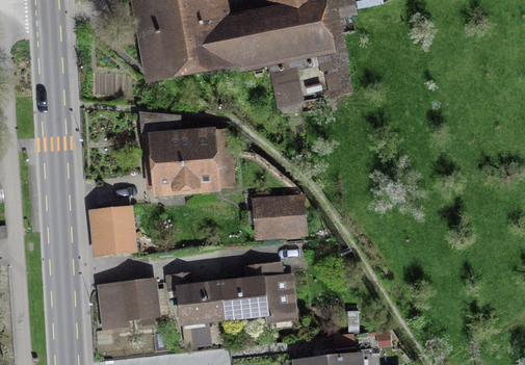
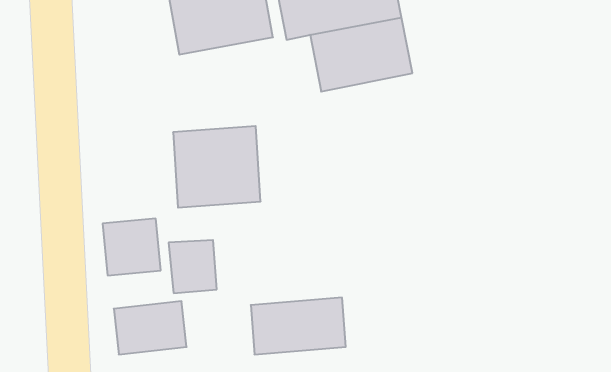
building: [253,194,309,239] -> none
building: [176,280,216,324] -> [169,240,217,293]

